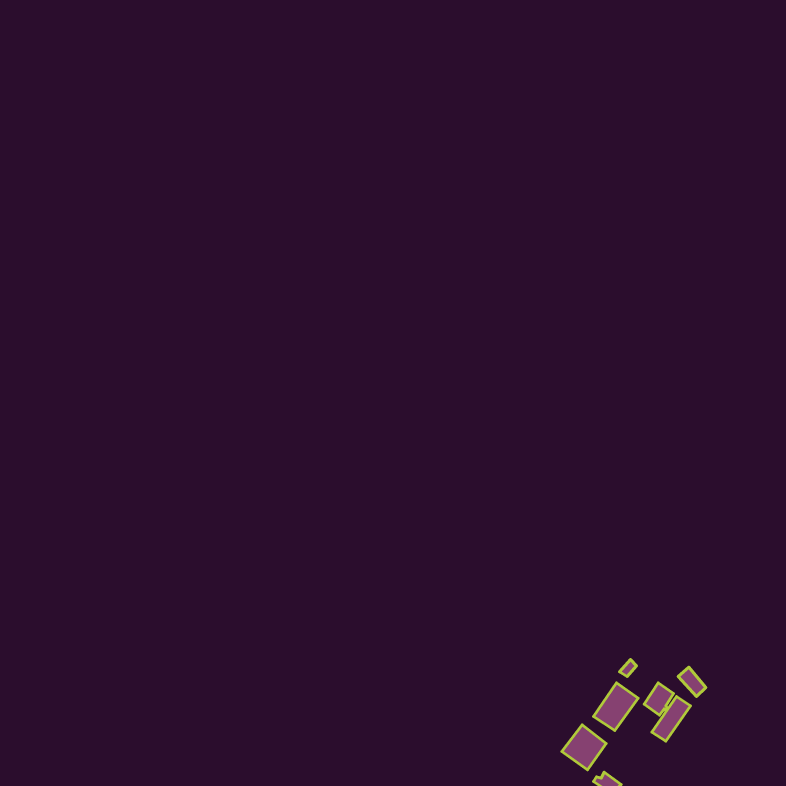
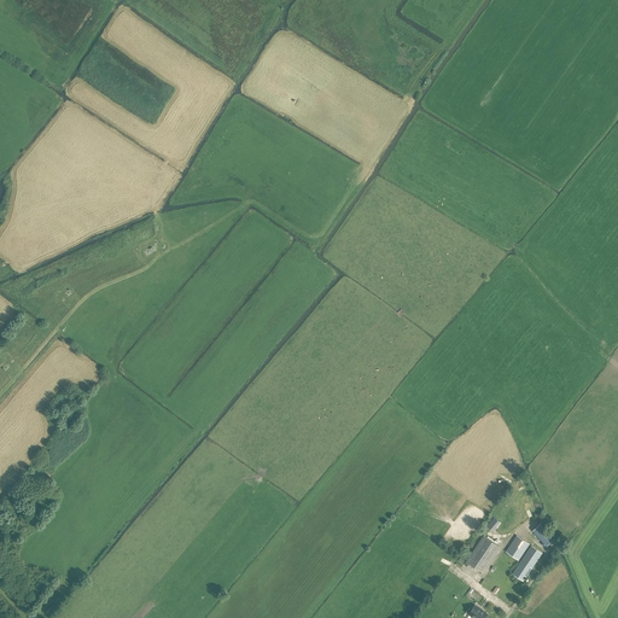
building: [562,725,606,770] -> none

